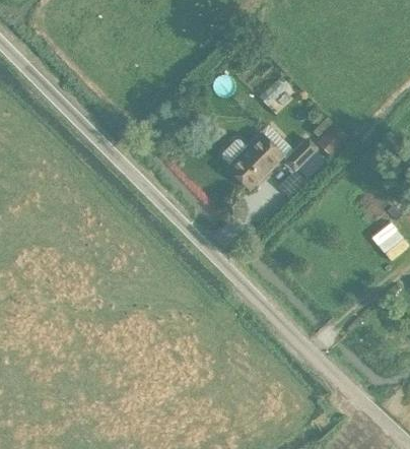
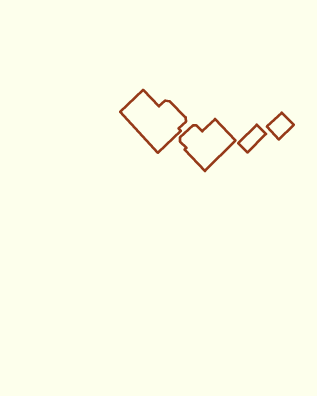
building: none -> [120,90,186,153]

